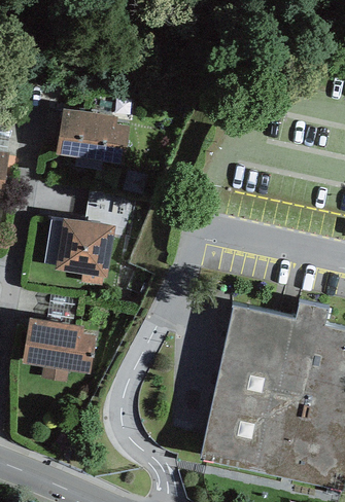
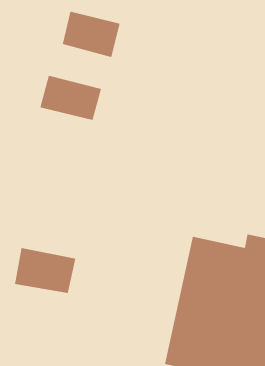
building: none -> [62,11,120,58]
building: [49,221,109,286] -> none

